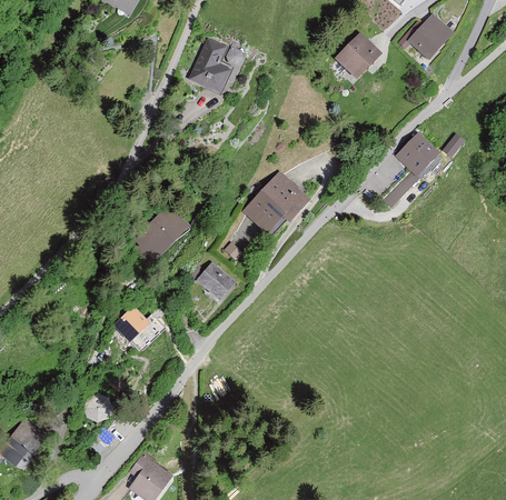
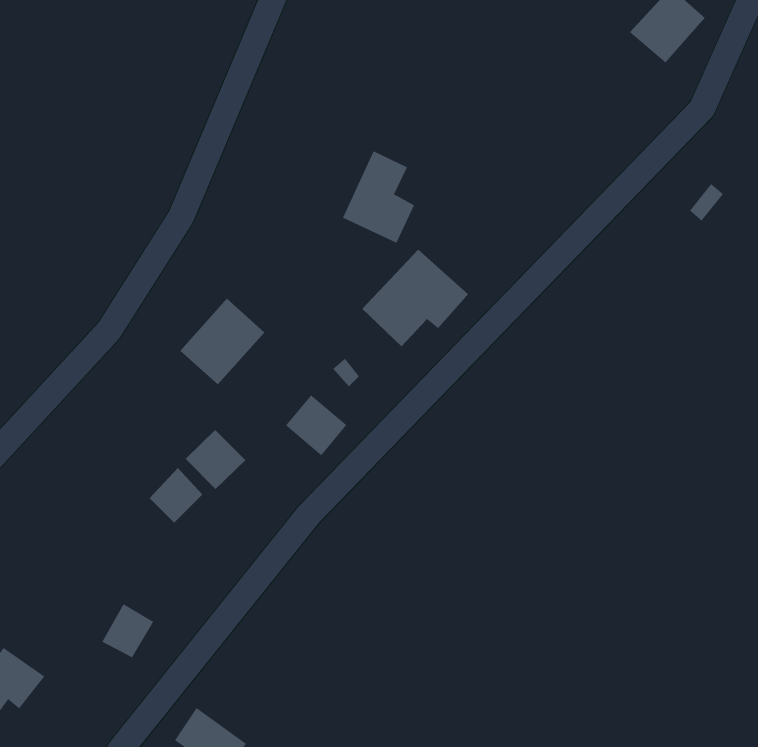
building: [336,33,383,80] -> none
building: [188,38,232,94] -> [342,151,415,243]
building: [395,132,440,179] -> none
building: none -> [185,429,246,490]

